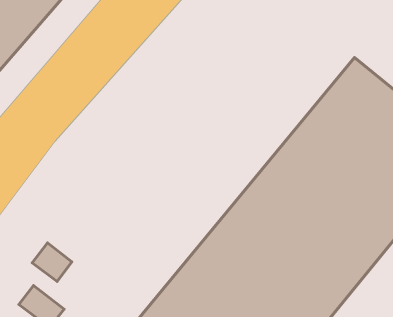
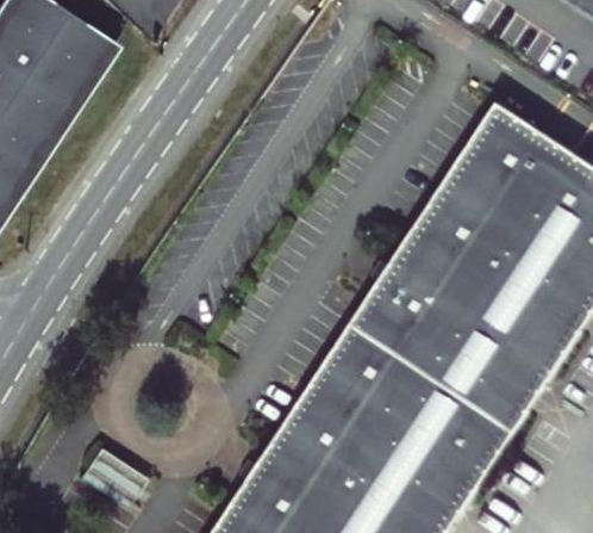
building: [32,243,72,282] -> none

